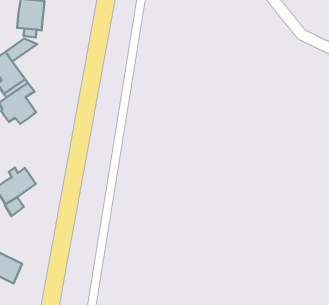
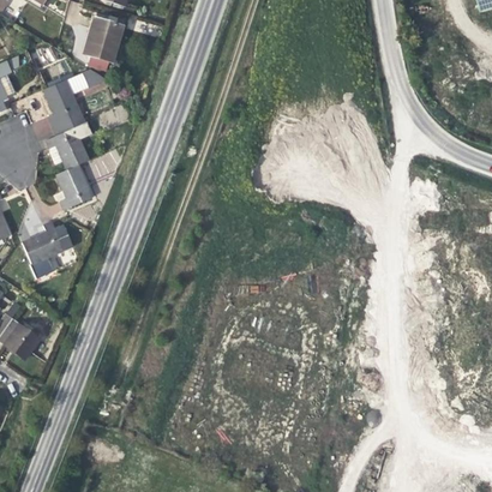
building: none -> [55,164,94,210]

